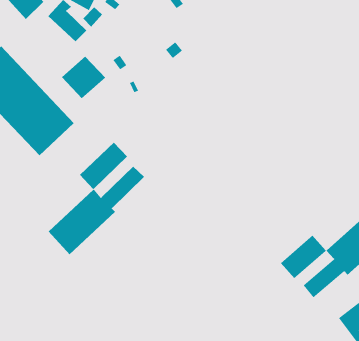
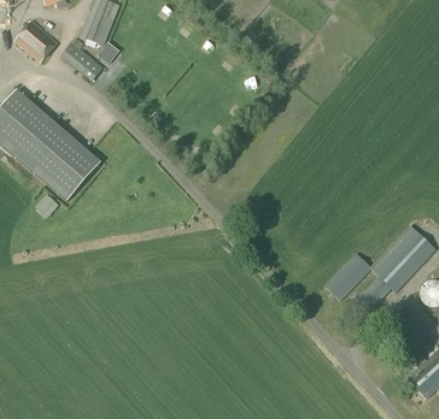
building: [61,56,106,99] -> none
building: [48,142,145,255] -> none

